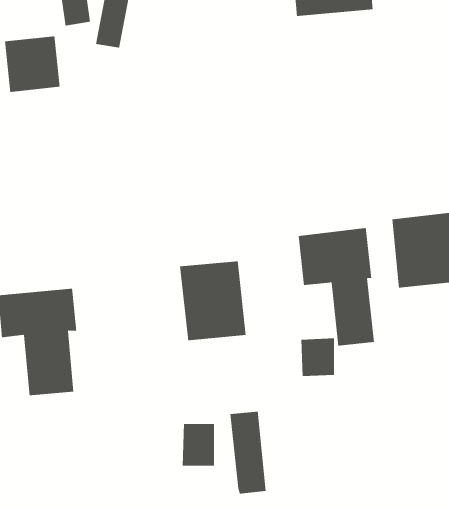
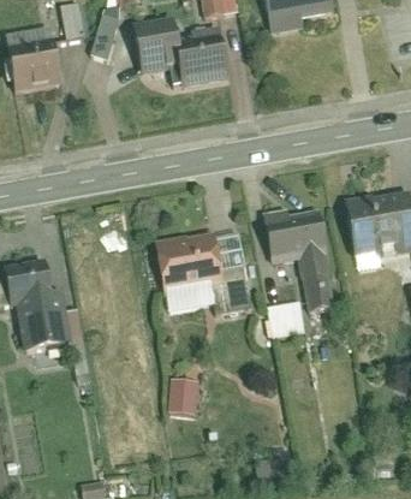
building: none -> [135,22,221,90]
building: [229,411,267,494] -> [215,236,248,308]

